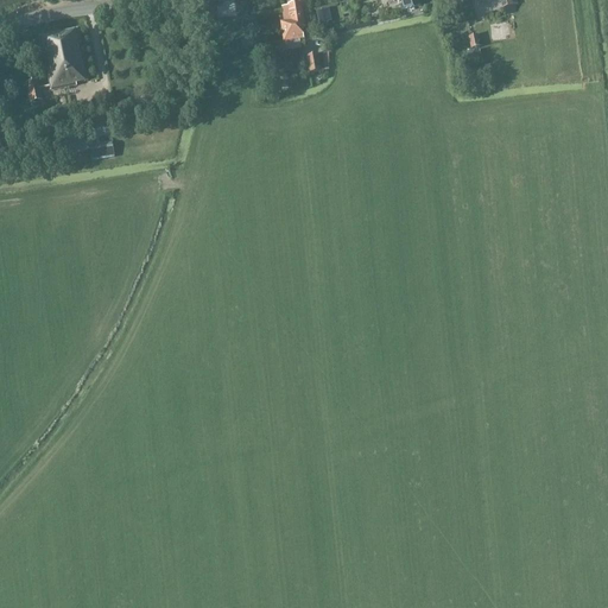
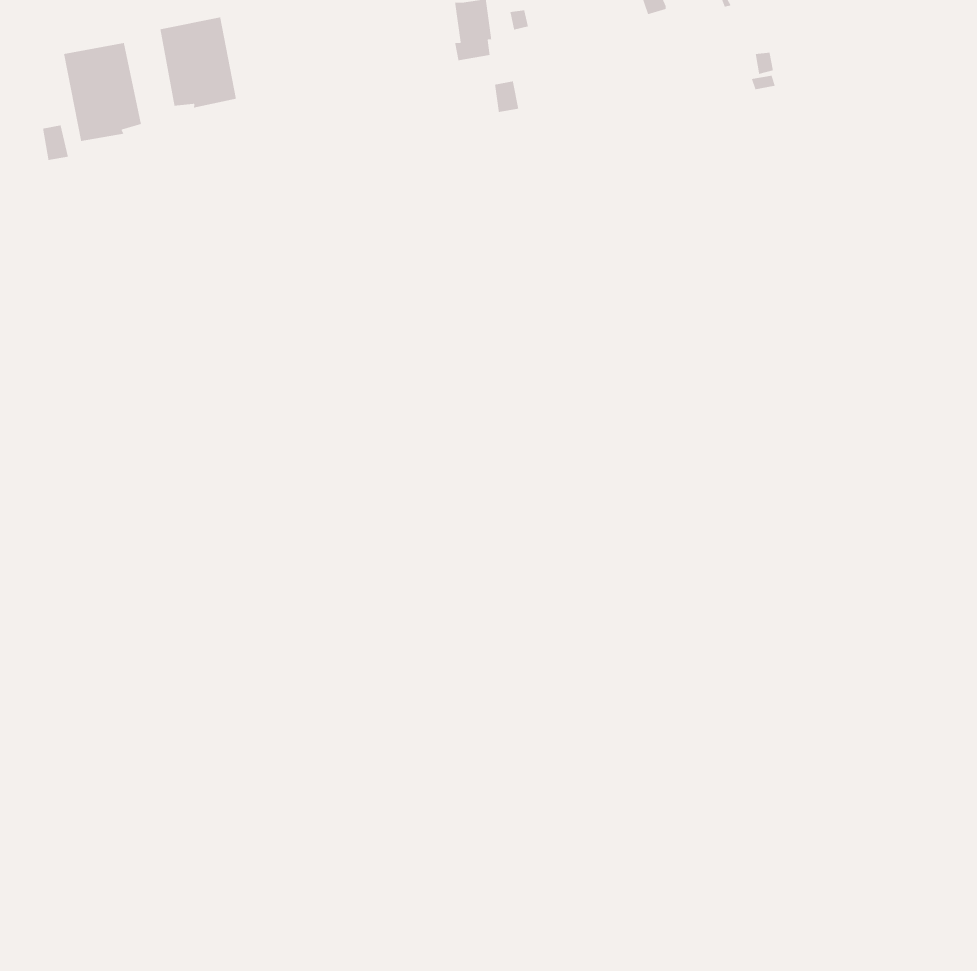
building: none -> [160,16,237,109]

